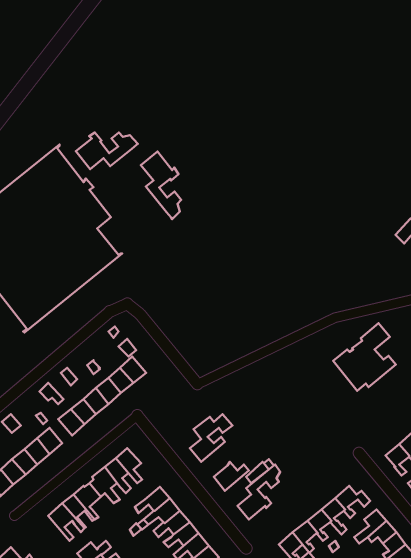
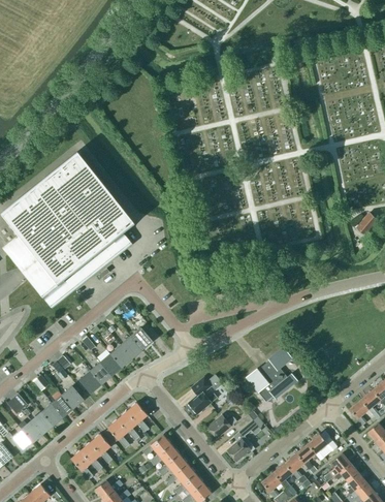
building: [76,132,138,169] -> none
building: [141,152,181,219] -> none
building: [333,323,396,391] -> [246,347,297,403]

